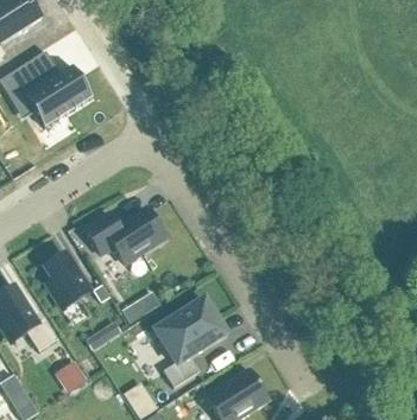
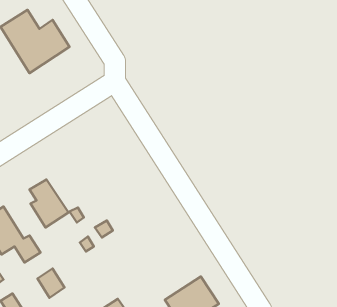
building: [84,209,164,262] -> none
building: [154,298,226,387] -> none

